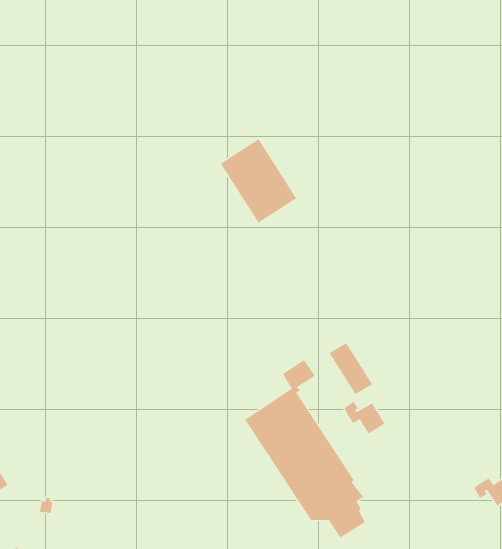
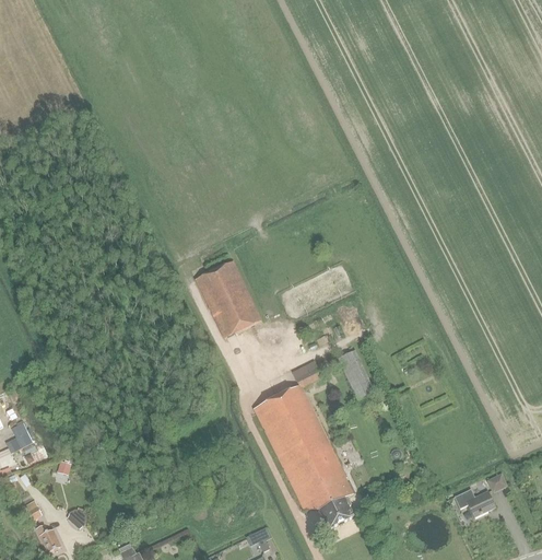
building: [220,138,297,224] -> [195,260,261,338]
building: [344,401,385,435] -> none

